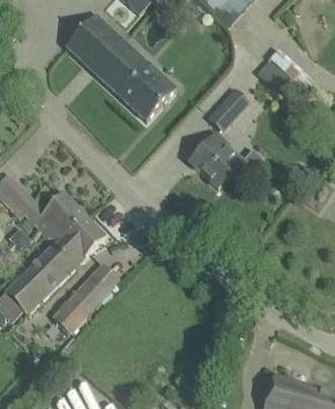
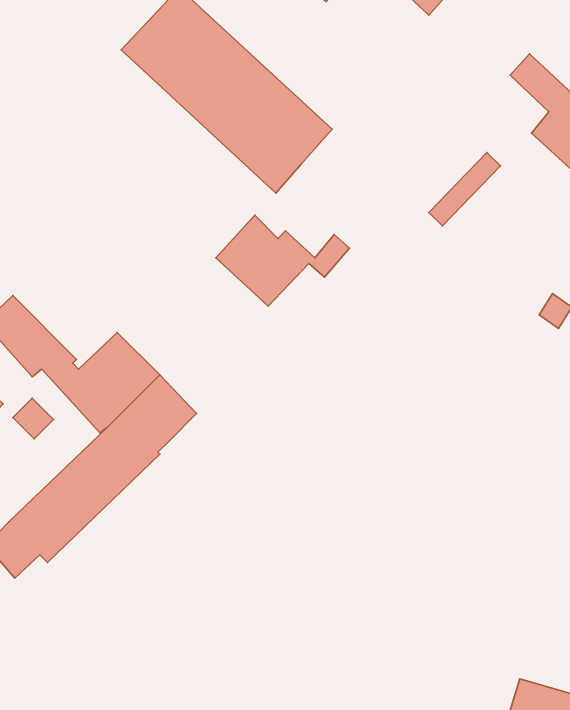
building: [208,89,247,129] -> none
building: [190,138,260,185] -> [216,215,349,306]
building: [52,262,118,333] -> none

